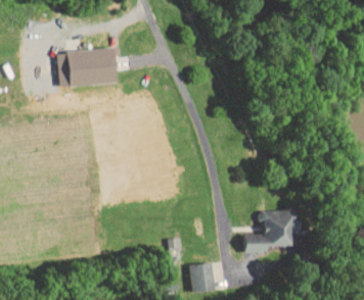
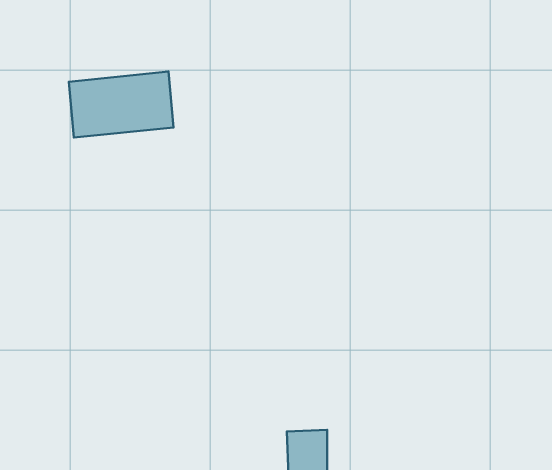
building: [242,210,299,253] -> none

